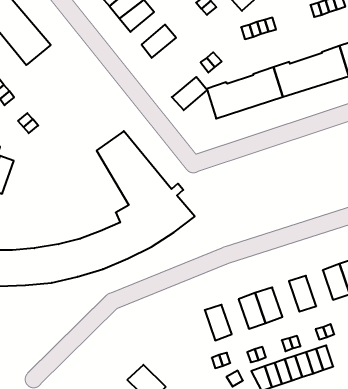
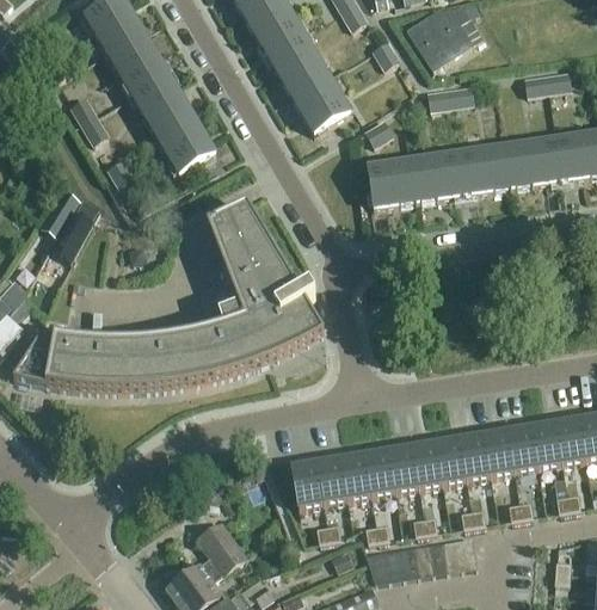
building: none -> [278,50,326,91]
building: none -> [131,72,215,172]
building: [172,77,207,110] -> [301,90,350,131]
building: none -> [460,433,491,480]
building: none -> [412,440,443,487]
building: none -> [340,454,371,499]
building: none -> [291,461,324,507]

